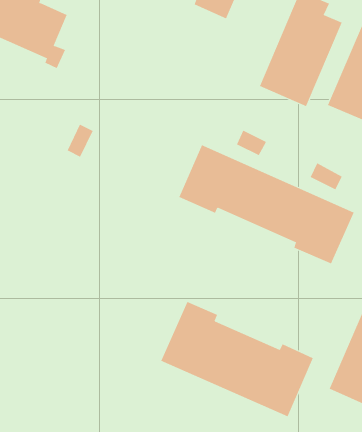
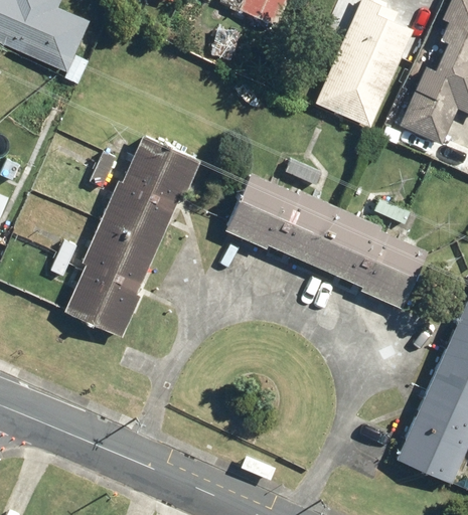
building: none -> [65,130,200,330]
building: [161,301,314,417] -> none

